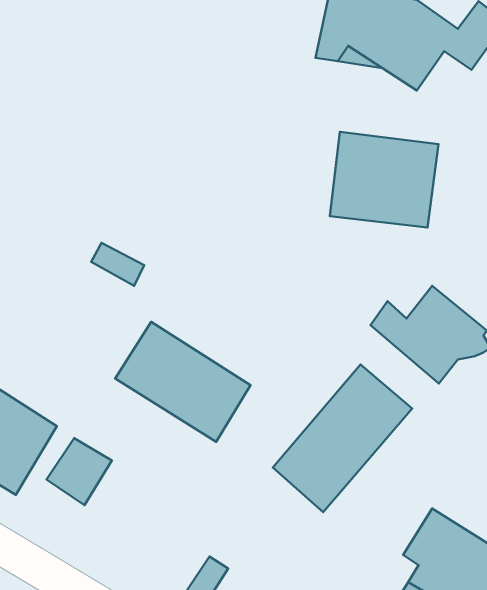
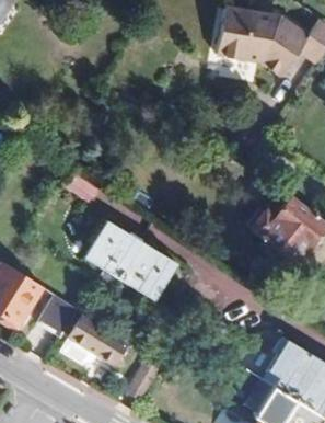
building: [330,132,438,227] -> none
building: [273,364,412,512] -> none
building: none -> [70,319,128,374]

